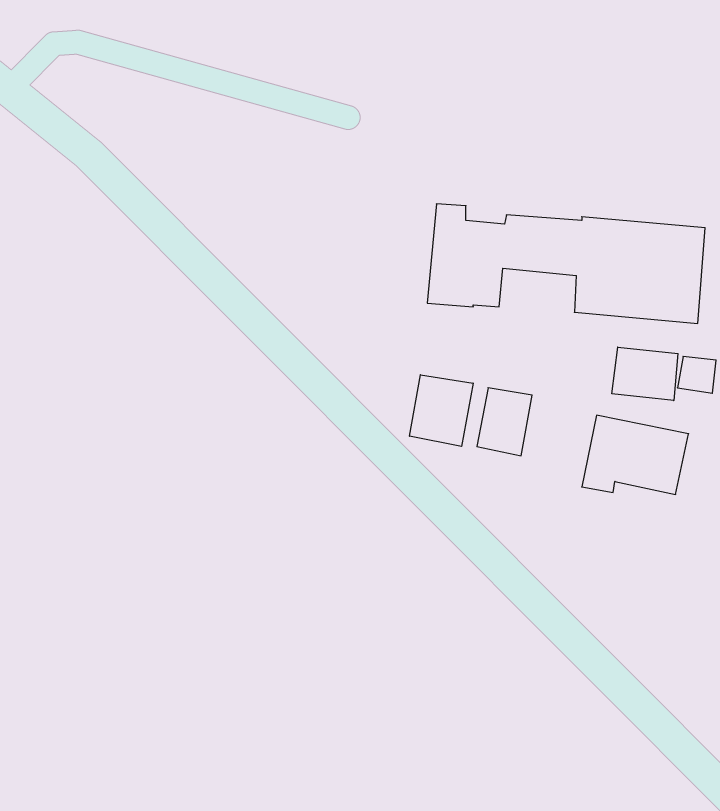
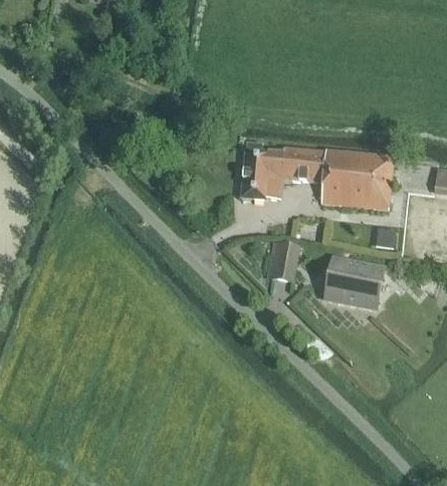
building: [612,347,678,401] -> none
building: [410,375,473,446] -> none

